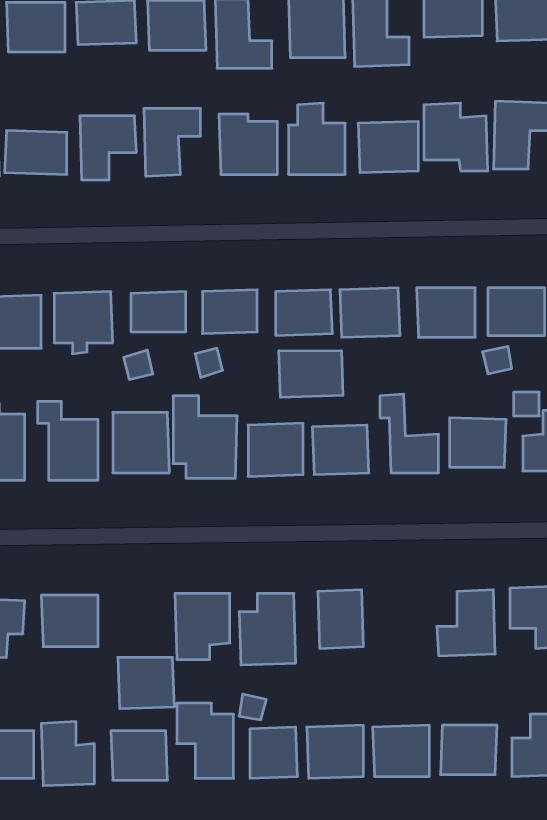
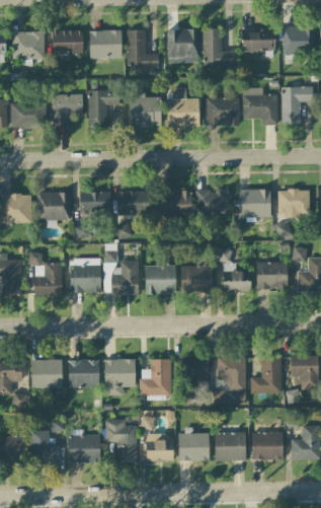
building: [279,351,343,397] -> none
building: none -> [217,357,245,391]
building: [118,657,174,709] -> [68,360,99,388]

